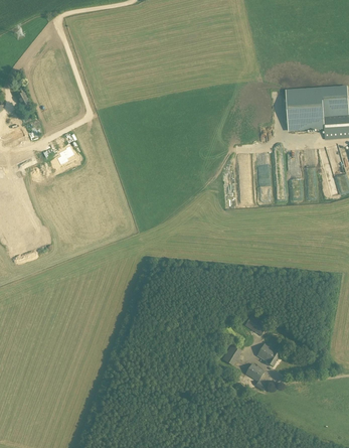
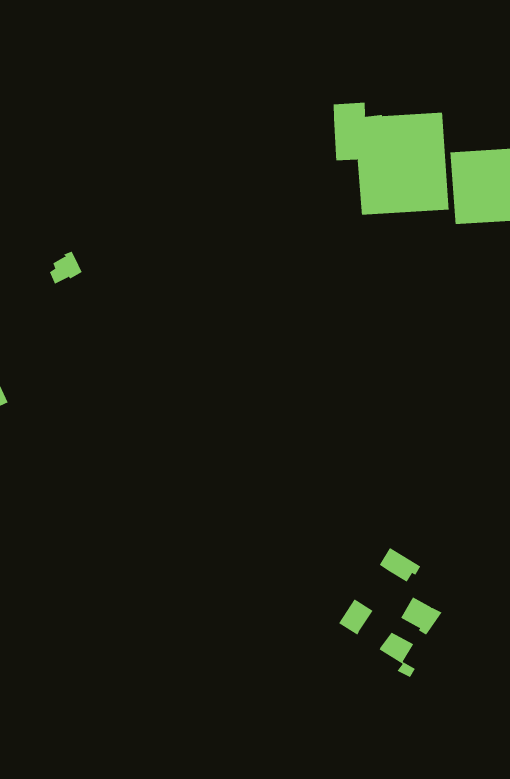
building: none -> [333,102,449,215]

